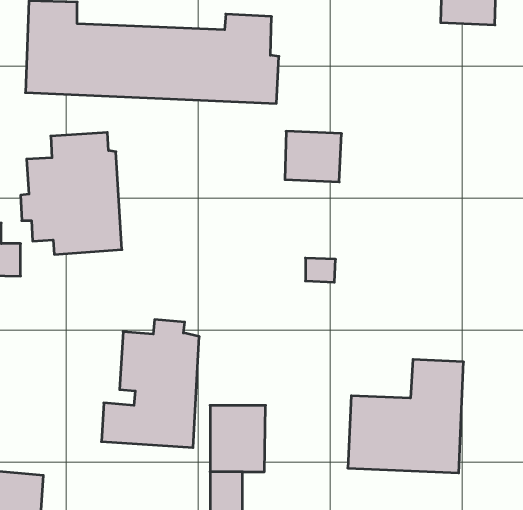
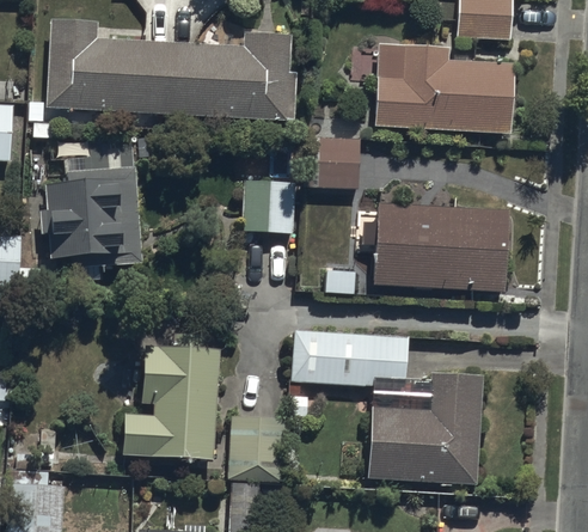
building: none -> [375,44,512,134]
building: none -> [243,182,293,234]
building: none -> [361,203,507,291]
building: none -> [292,331,409,389]

